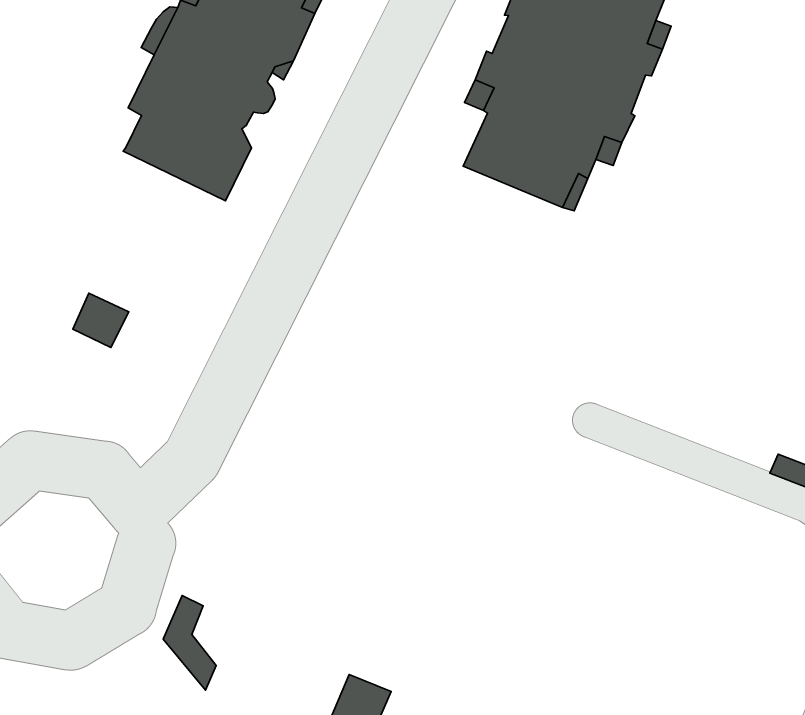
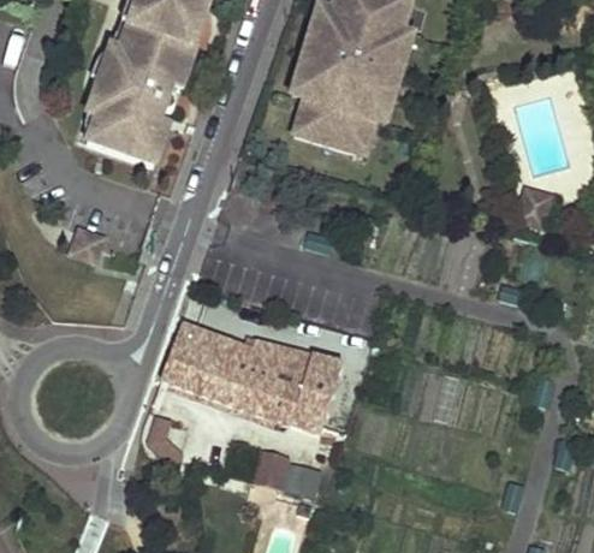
building: none -> [161,322,337,436]

